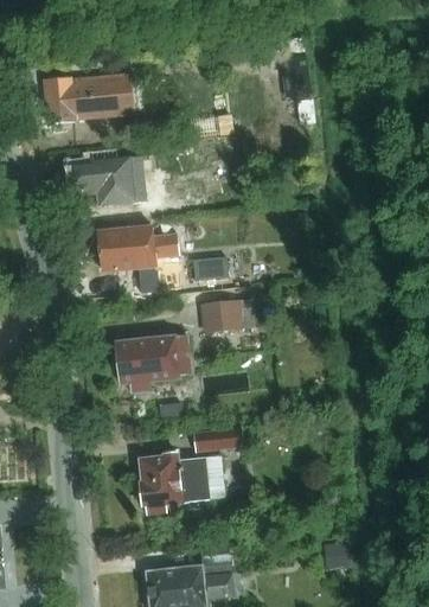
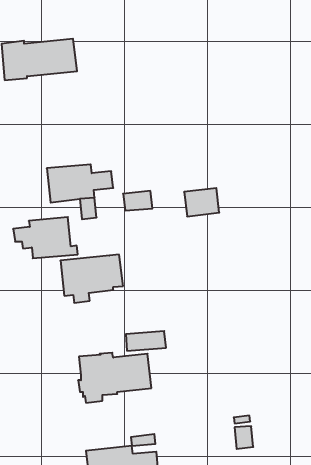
building: [75,155,153,205] -> [13,217,78,258]
building: [200,299,243,333] -> [184,188,219,216]

